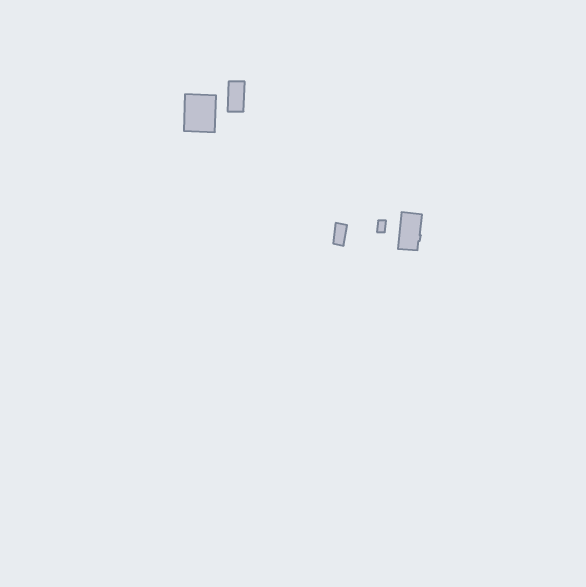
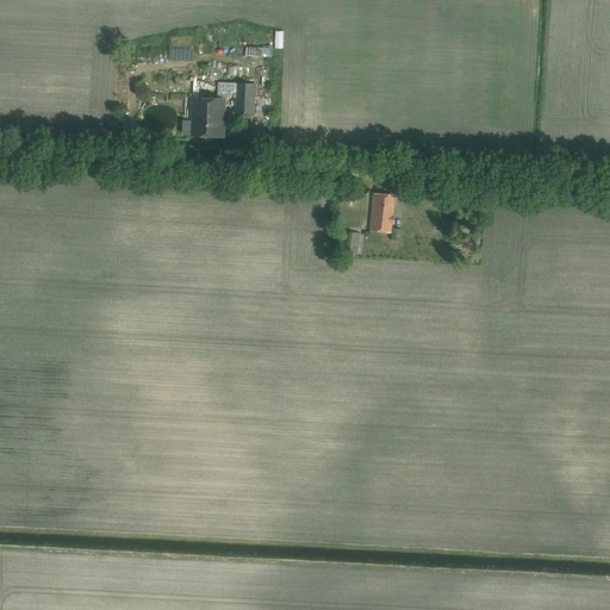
building: [398,212,422,250] -> [369,193,394,232]

